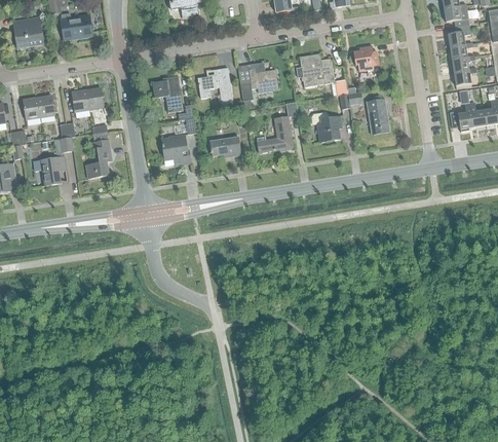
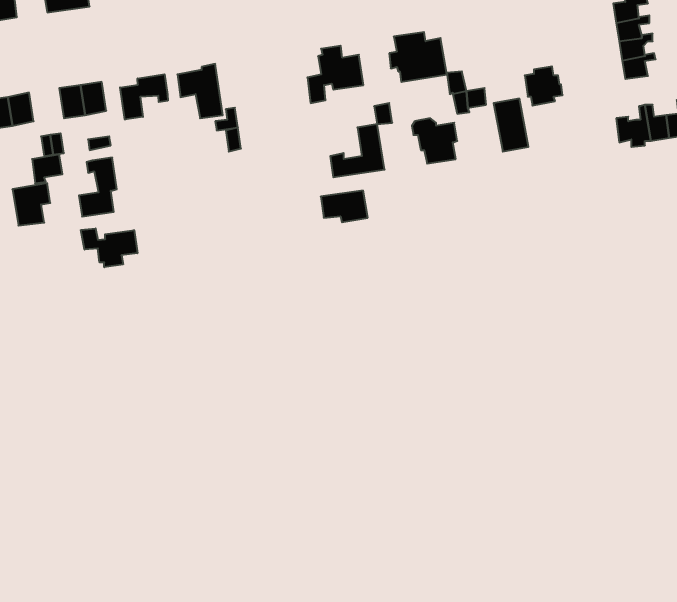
building: [353,44,379,71] -> [525,66,563,106]
building: [197,67,233,103] -> none
building: none -> [120,74,168,120]
building: [161,134,190,164] -> none
building: [209,136,241,157] -> [321,191,368,222]
building: none -> [81,228,137,267]

